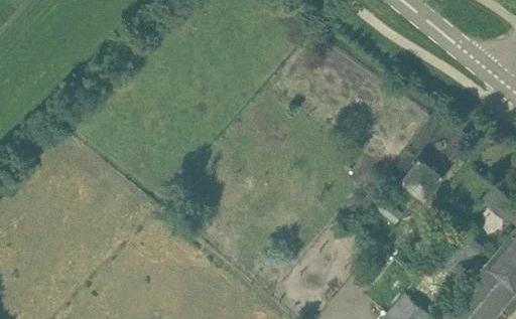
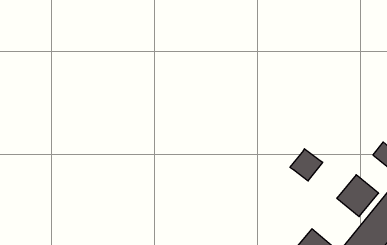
building: [405,159,446,199] -> [290,149,323,181]

